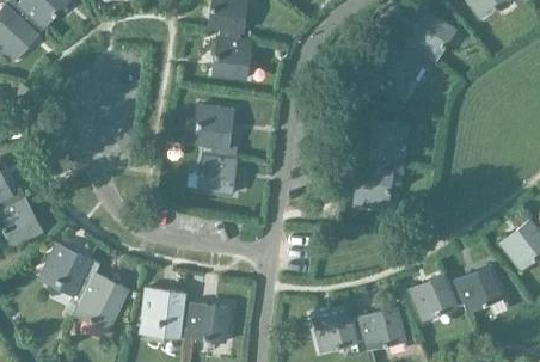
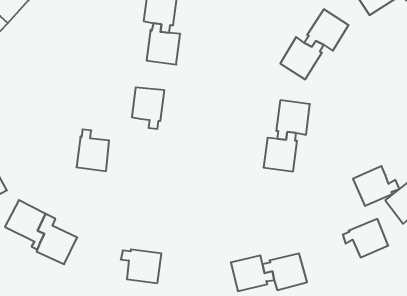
building: [197,145,237,195] -> [76,129,109,171]
building: [409,274,465,321] -> [353,166,399,206]
building: [141,288,190,338] -> none

